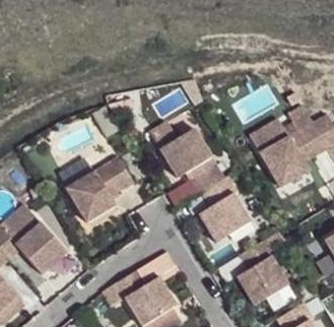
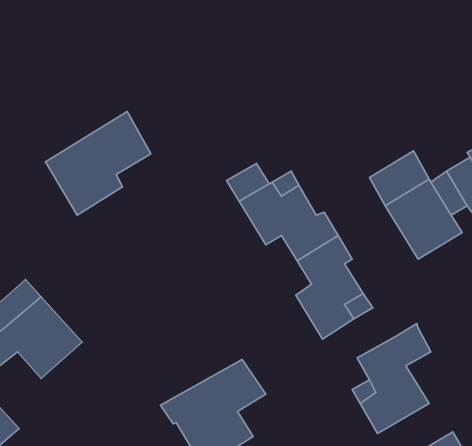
building: [67,154,135,221] -> [46,112,151,215]

